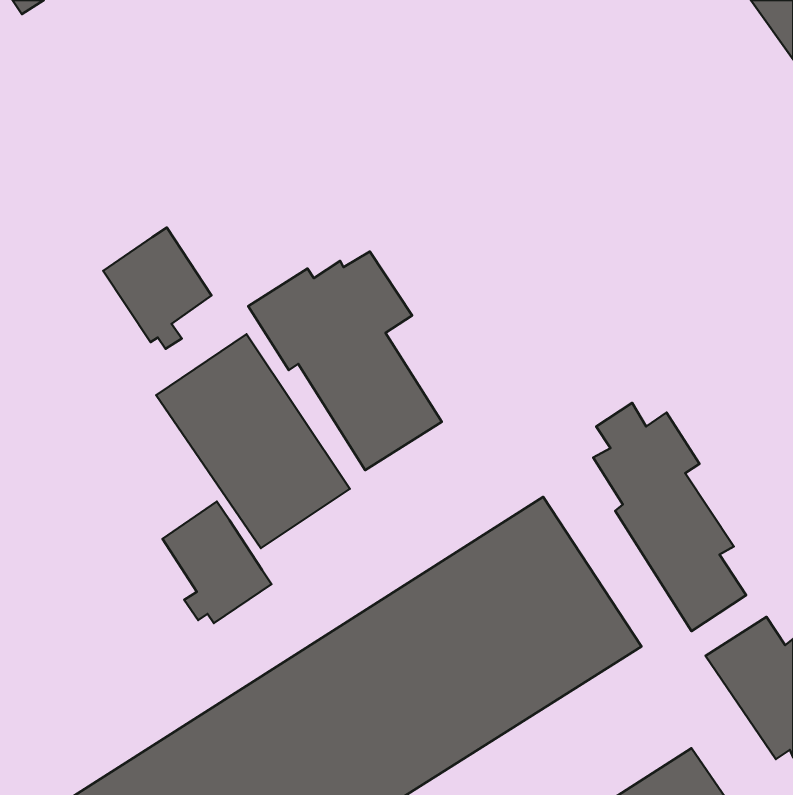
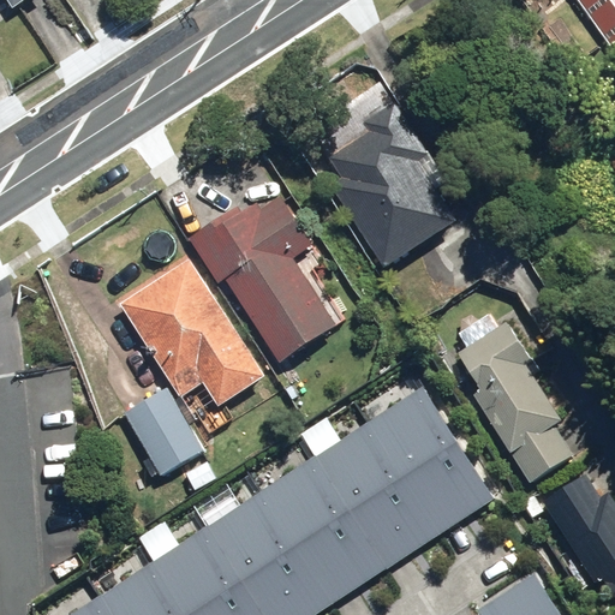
building: none -> [312,88,460,269]
building: [103,227,212,349] -> none

